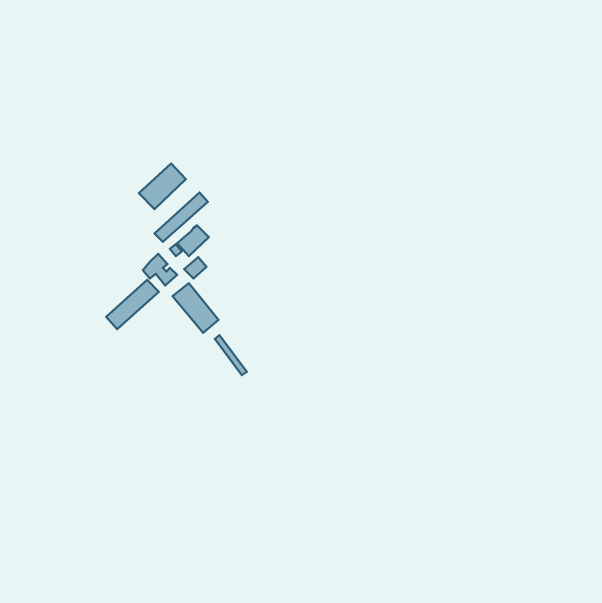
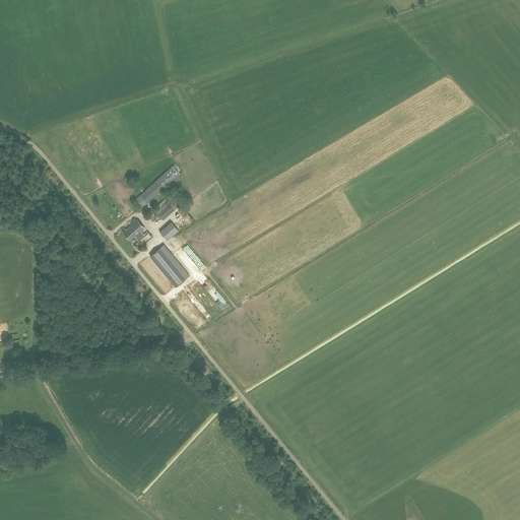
building: [139,163,186,209] -> none
building: [106,280,159,329] -> none

